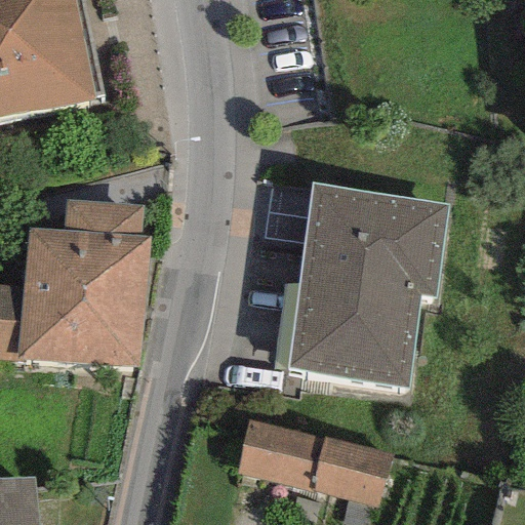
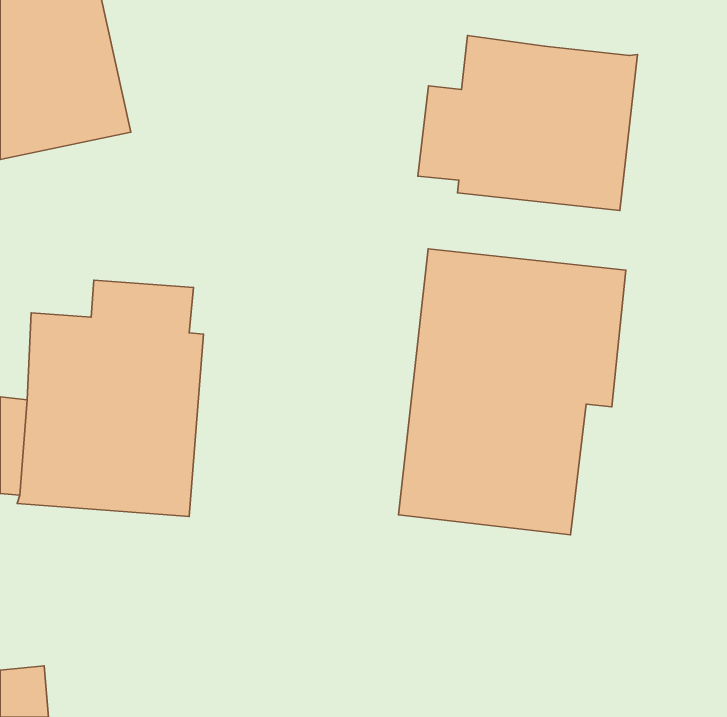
building: none -> [418,35,637,211]
building: [239,425,394,507] -> none

